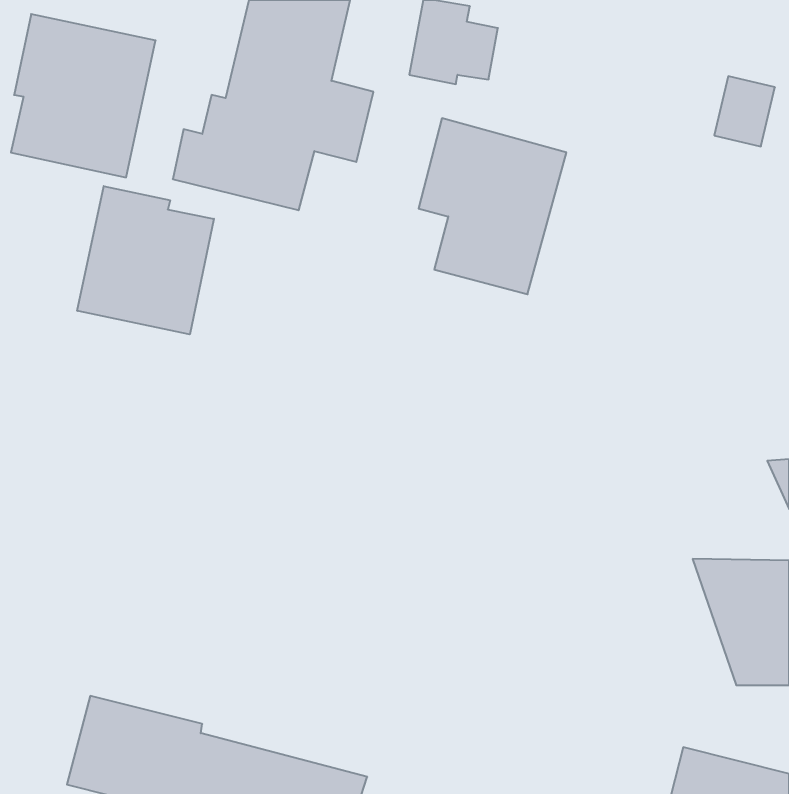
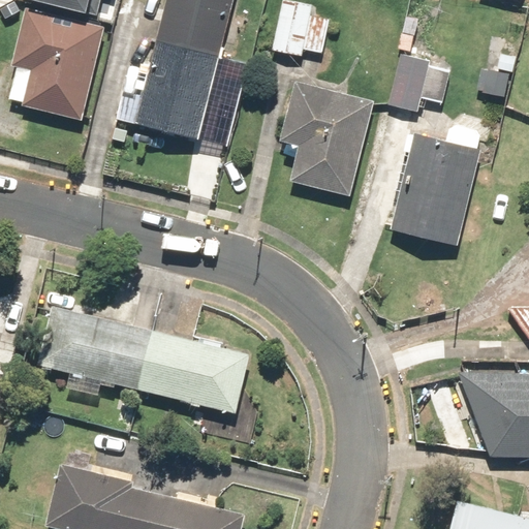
building: none -> [388,54,449,114]
building: [77,186,214,334] -> none
building: none -> [396,128,481,245]
building: none -> [39,306,250,412]

